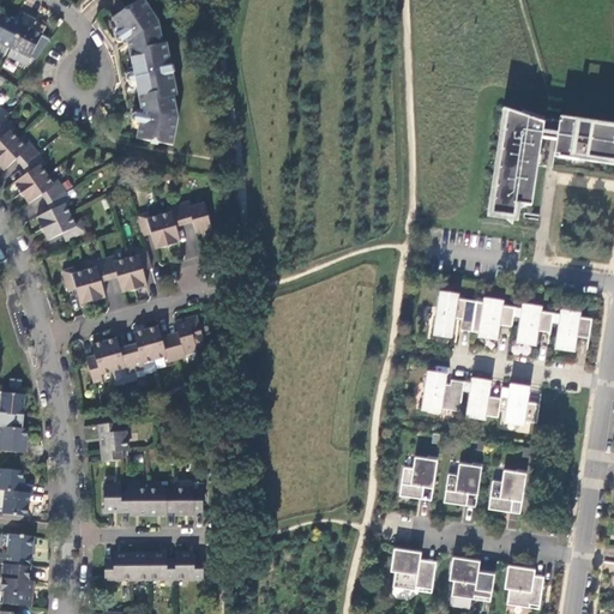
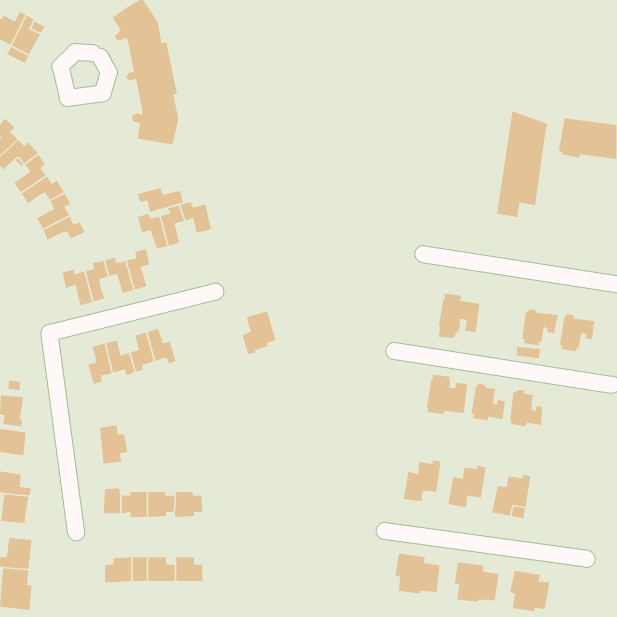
building: none -> [137,187,184,213]
building: [472,300,516,337] -> none
building: [169,314,204,359] -> [241,311,276,355]

